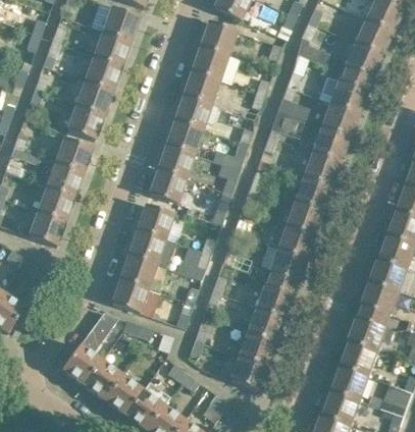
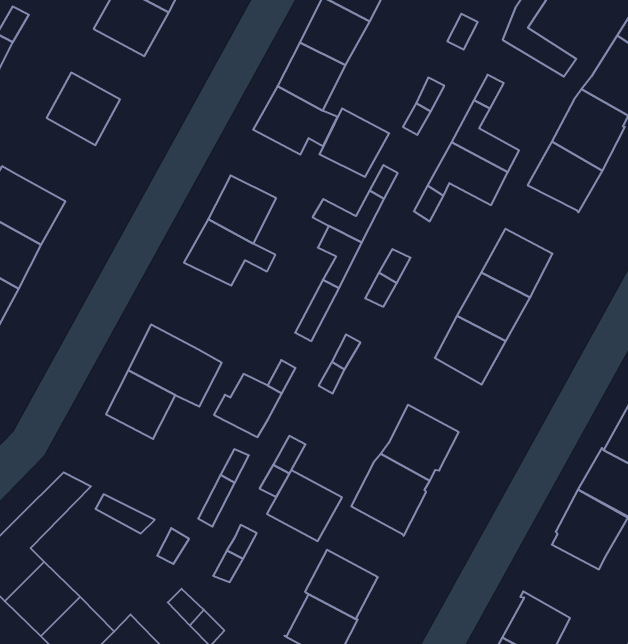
building: [74,79,111,114] -> none
building: [165,119,200,153] -> [319,108,389,177]
building: [312,126,348,160] -> none
building: [54,137,91,171] -> none
building: [136,204,171,237] -> none
building: [275,223,313,260] -> none
building: [110,278,160,317] -> none
building: [245,307,282,341] -> [267,470,342,541]
building: [350,311,394,347] -> none

